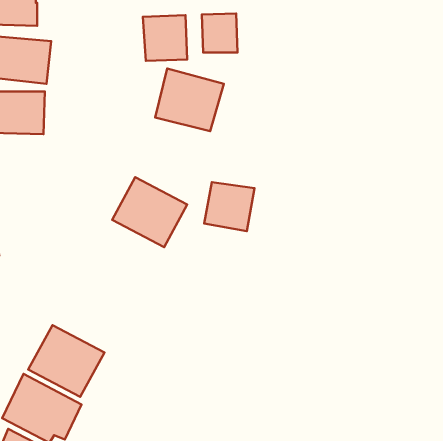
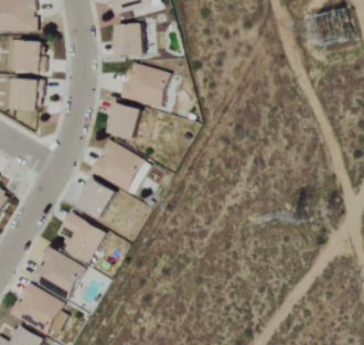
building: [202,13,238,53] -> none
building: [204,182,255,231] -> [106,104,142,139]
building: none -> [79,177,117,219]
building: none -> [61,212,105,265]

